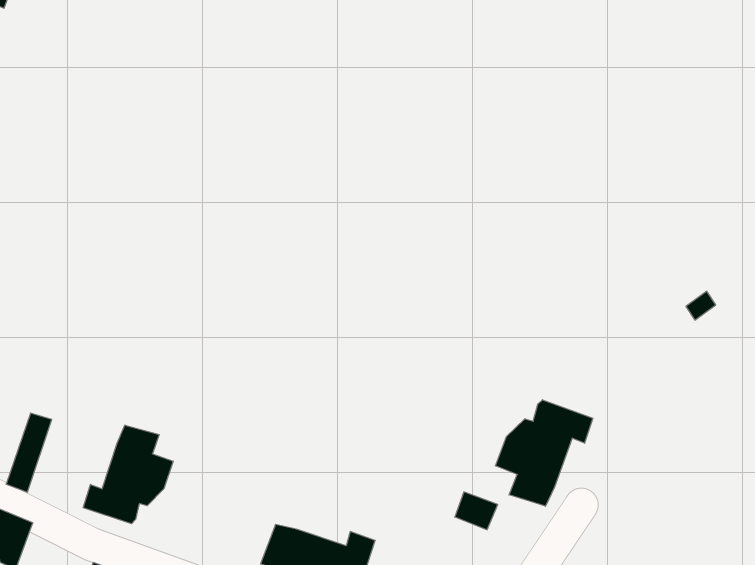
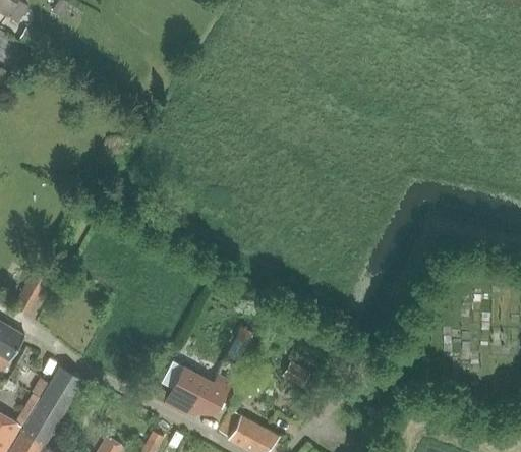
building: [496,400,593,506] -> none
building: [83,425,173,524] -> none

